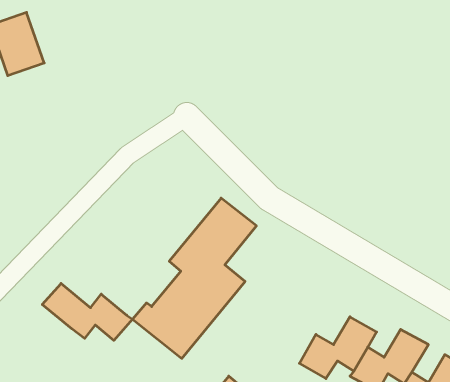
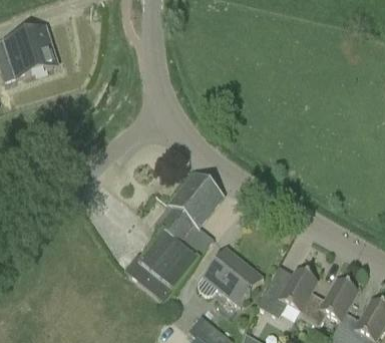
building: [42,283,133,340] -> none
building: none -> [198,249,262,305]

